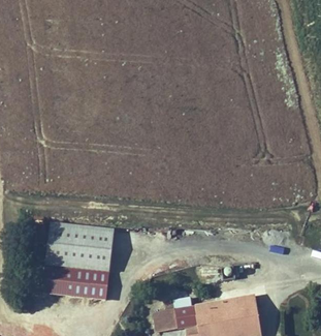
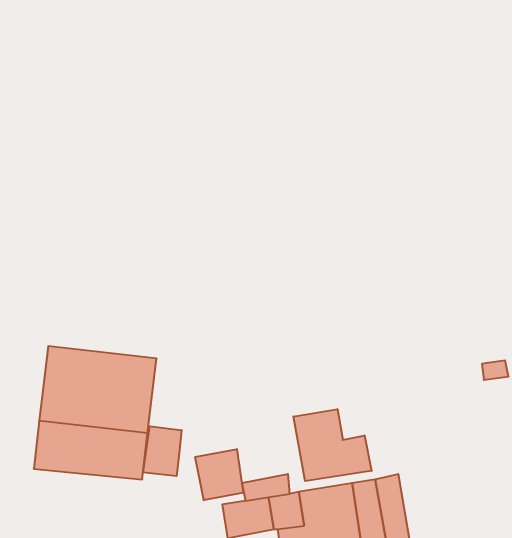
building: none -> [293,409,372,481]
building: none -> [143,426,182,476]
building: none -> [195,449,243,500]

